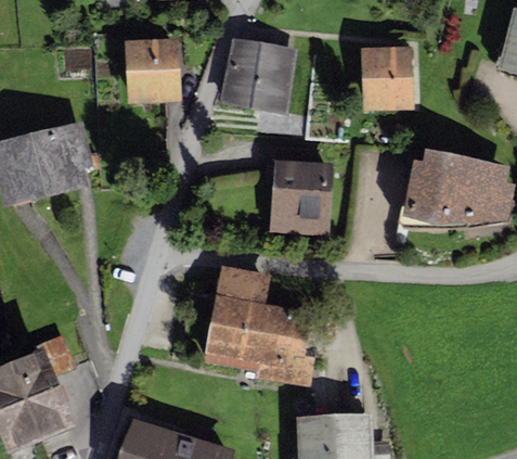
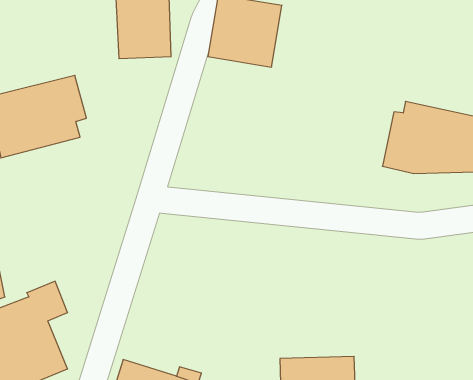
building: [361,47,413,111] -> none
building: [266,146,333,234] -> none
building: [204,265,316,387] -> none

